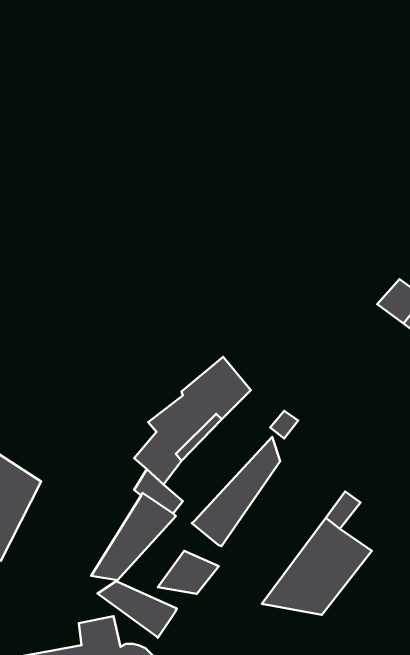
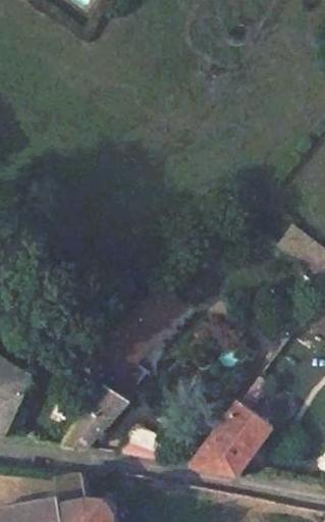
building: [192,437,280,546] -> none
building: [97,581,177,638] -> none

